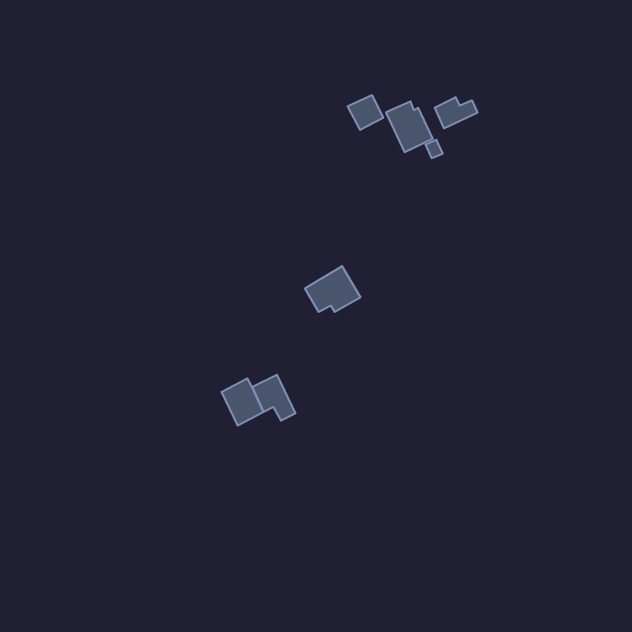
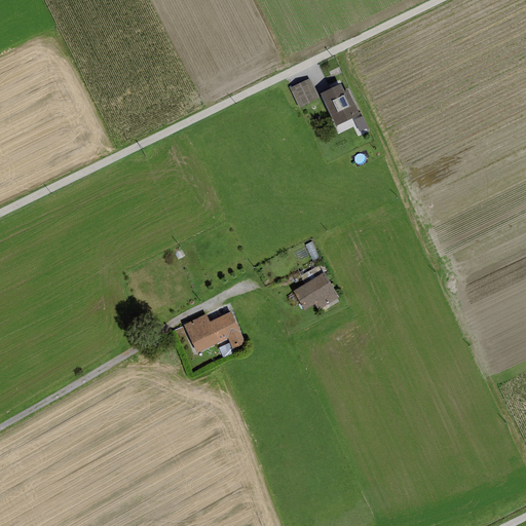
building: [435,97,477,128] -> none
building: [305,266,361,312] -> [293,272,339,310]

